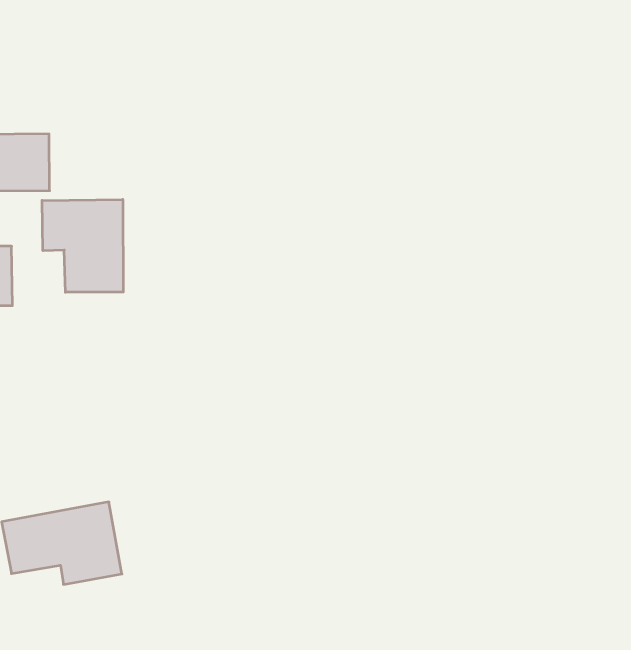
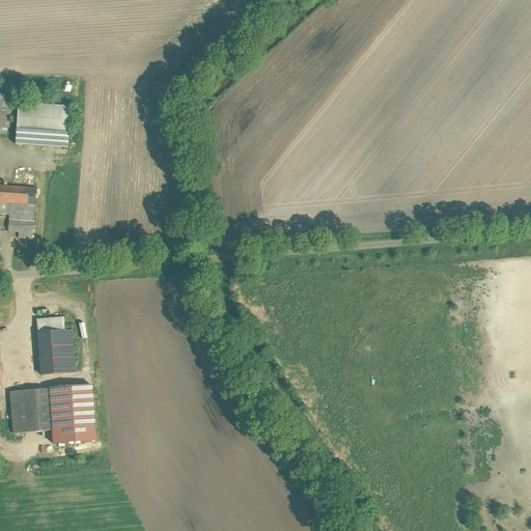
building: [42,199,123,292] -> none
building: none -> [34,315,75,375]

